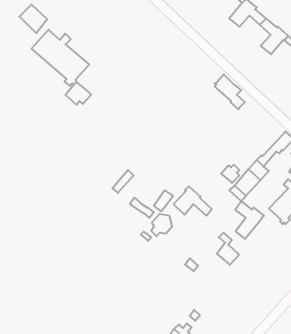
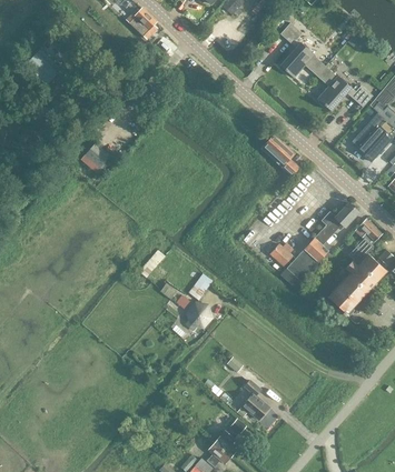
building: [32,30,89,86] -> none
building: [174,186,212,216] -> none
building: [235,201,264,239] -> none
building: [217,233,239,265] -> [243,381,269,420]

